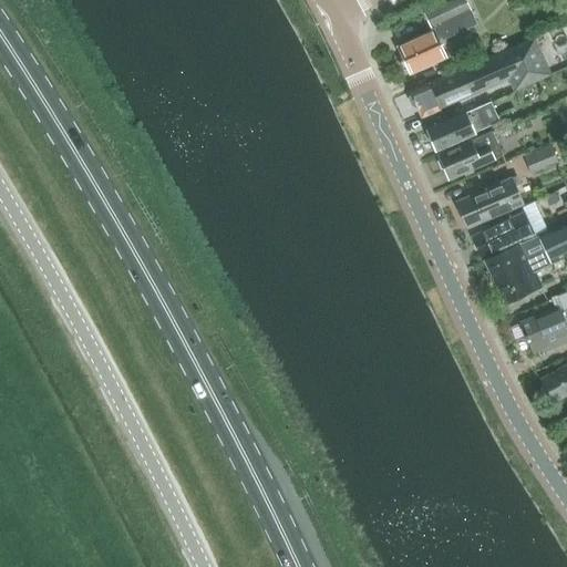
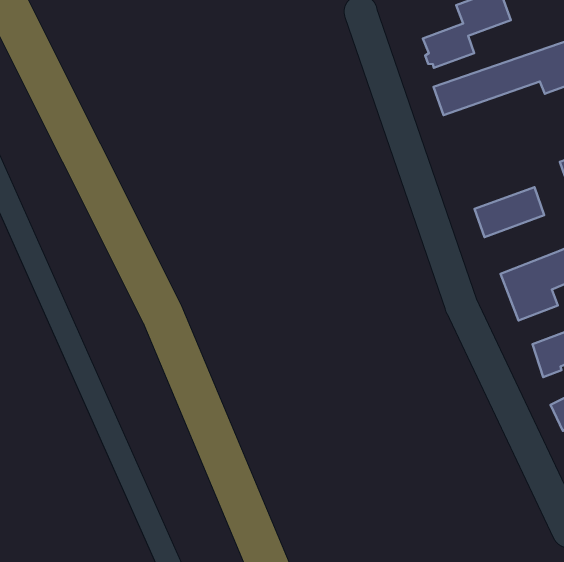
building: [430,103,502,151] -> none
building: [440,131,505,179] -> none
building: [474,214,535,258] -> none

